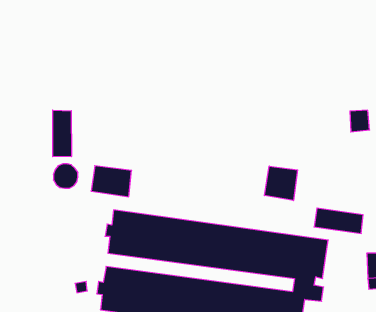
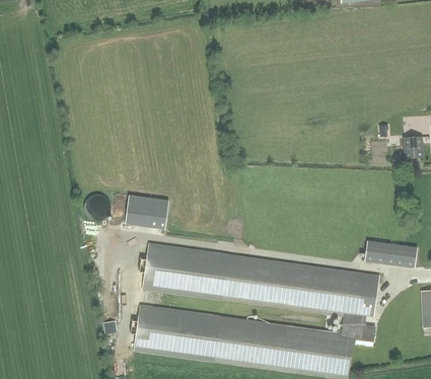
building: [53,110,71,157] -> none
building: [264,166,298,201] -> none

